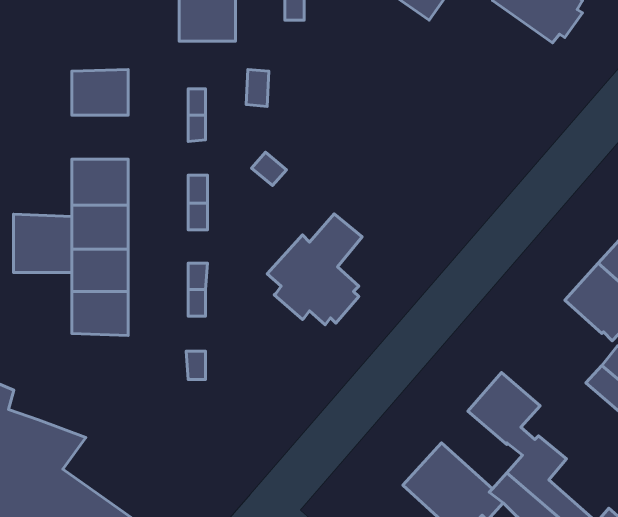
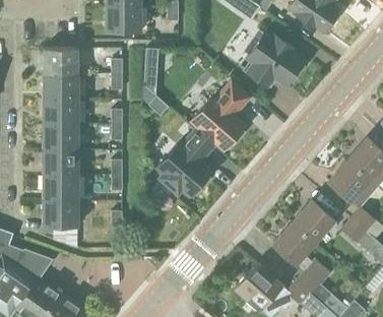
building: none -> [245,33,304,85]
building: none -> [45,74,77,100]
building: none -> [192,83,248,148]
building: [14,214,72,272] -> none
building: none -> [45,200,77,226]
building: none -> [293,200,334,242]

